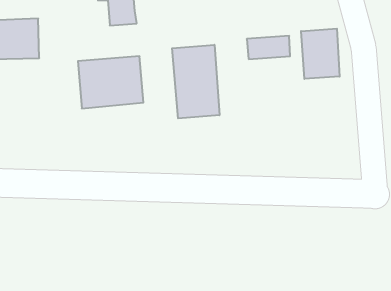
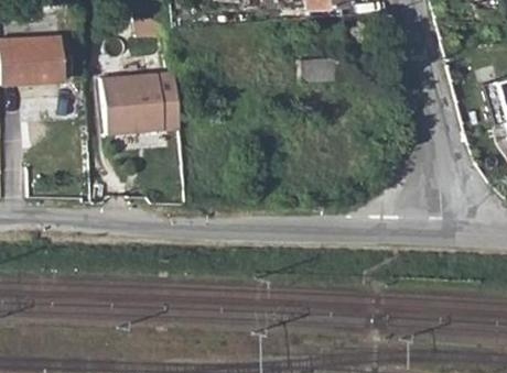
building: [301,29,340,79] -> none
building: [172,45,219,118] -> none

